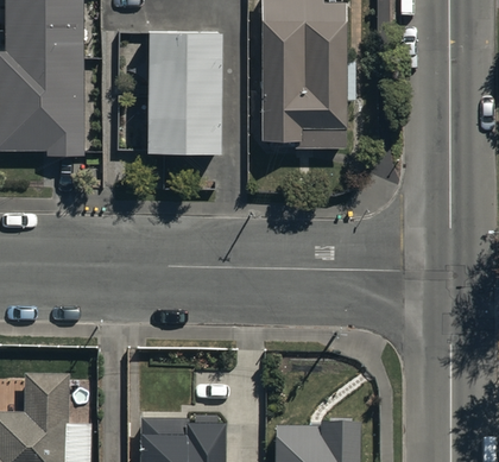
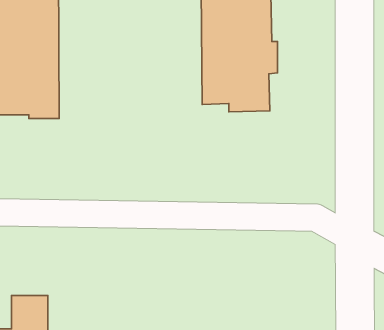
building: [146,24,219,147] -> none

